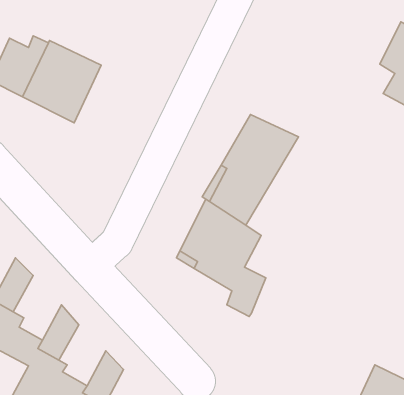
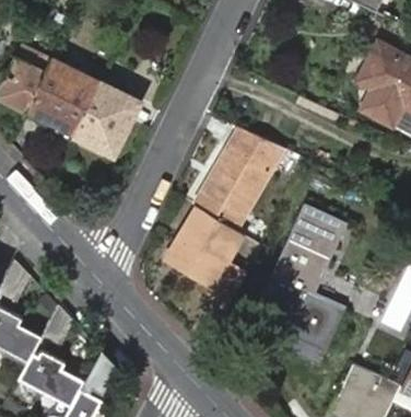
building: none -> [73,82,139,155]
building: none -> [267,206,355,354]

